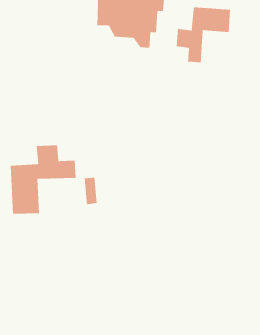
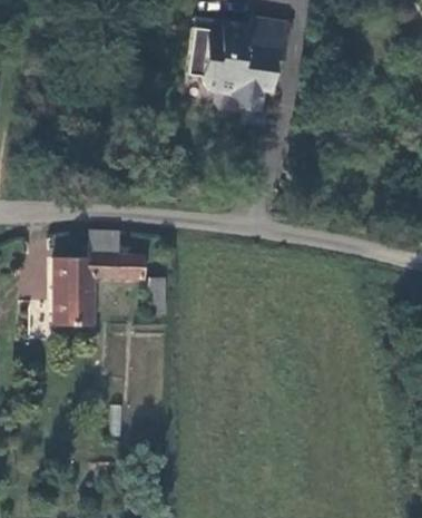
building: [176,6,231,63] -> none

